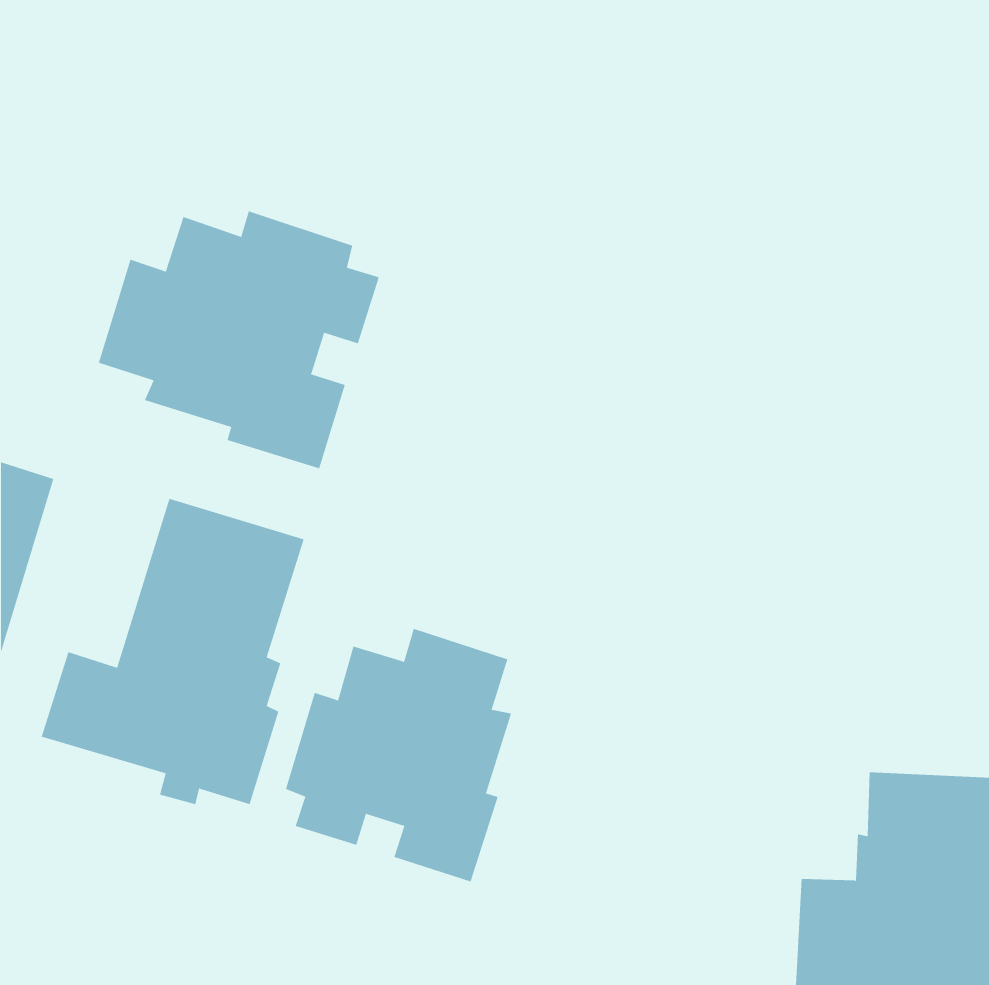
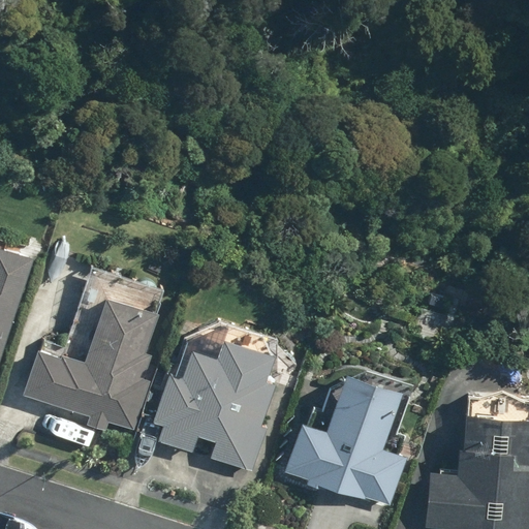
building: [98,211,380,469] -> none
building: none -> [284,373,406,508]

